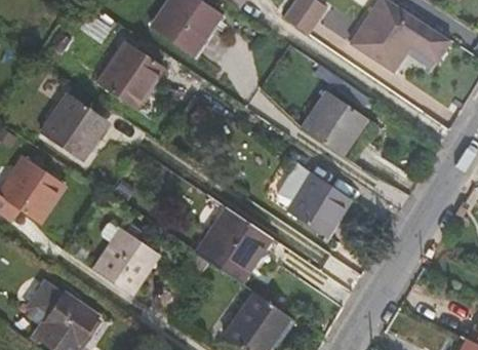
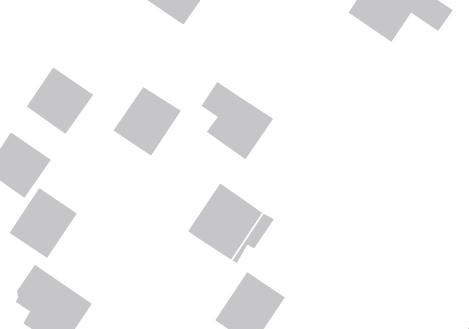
building: [97,42,163,109] -> [113,86,182,157]
building: [304,91,368,156] -> none
building: [279,162,349,237] -> [200,81,274,160]
building: [96,226,162,294] -> [9,187,78,259]

